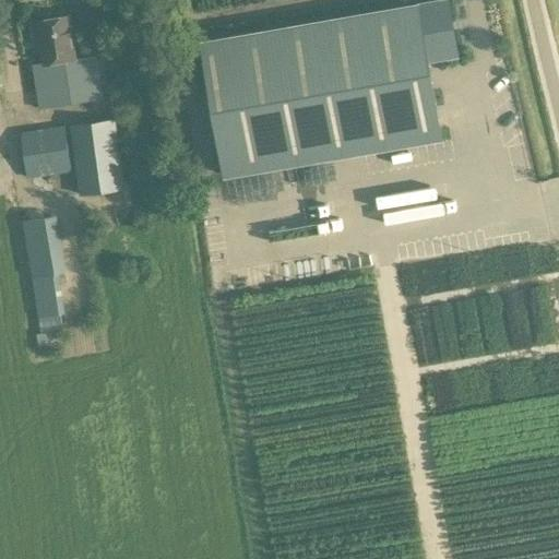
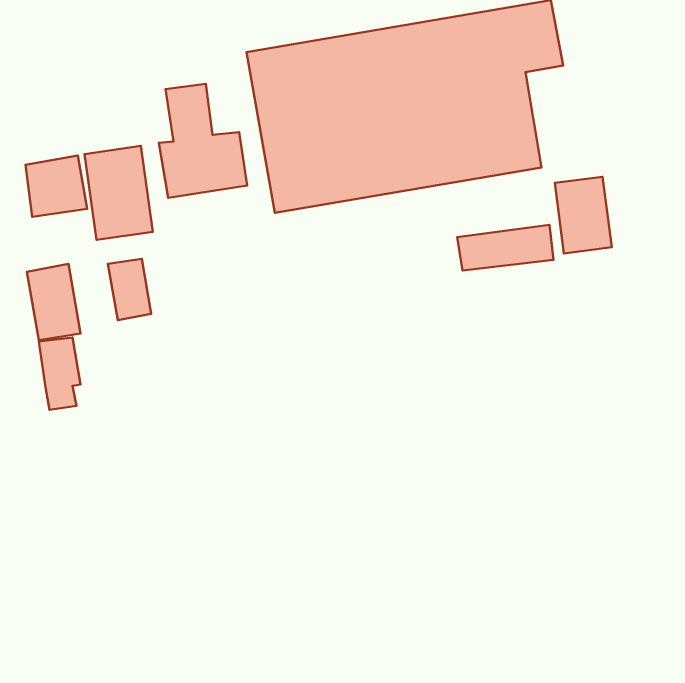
building: [31,17,103,110] -> [159,84,247,198]
building: none -> [555,177,612,253]
building: none -> [108,259,151,320]

